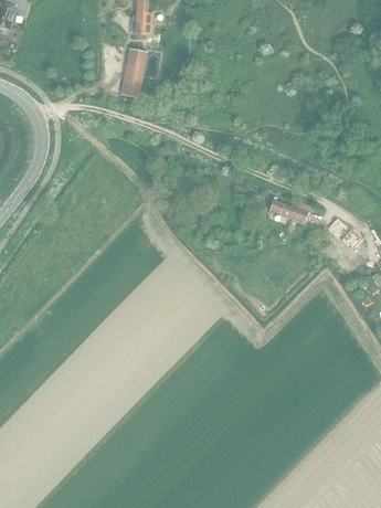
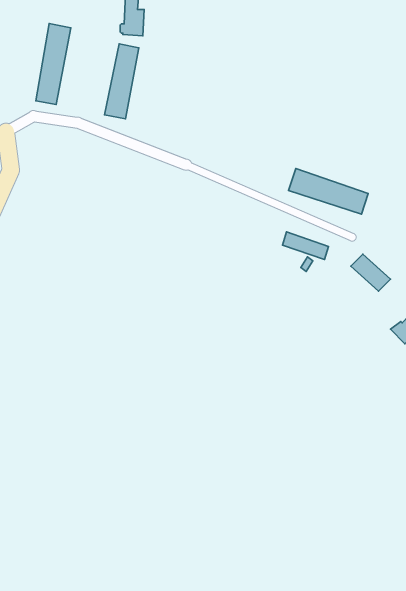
building: none -> [36,24,71,104]
building: none -> [288,168,368,214]

